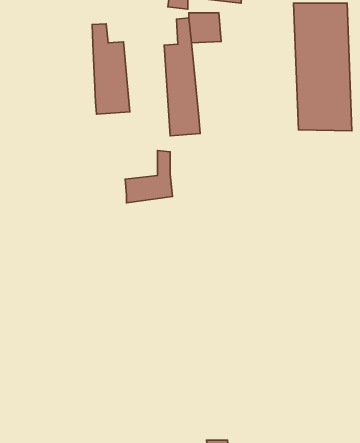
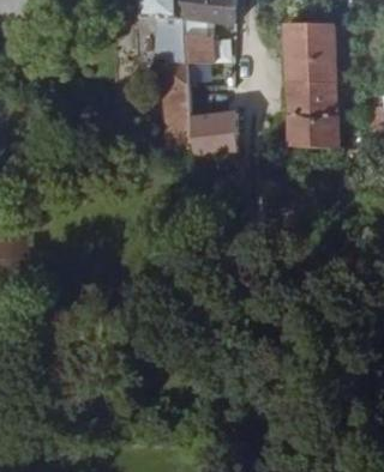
building: [92,24,130,114] -> none
building: [125,151,173,203] -> [193,107,239,157]

